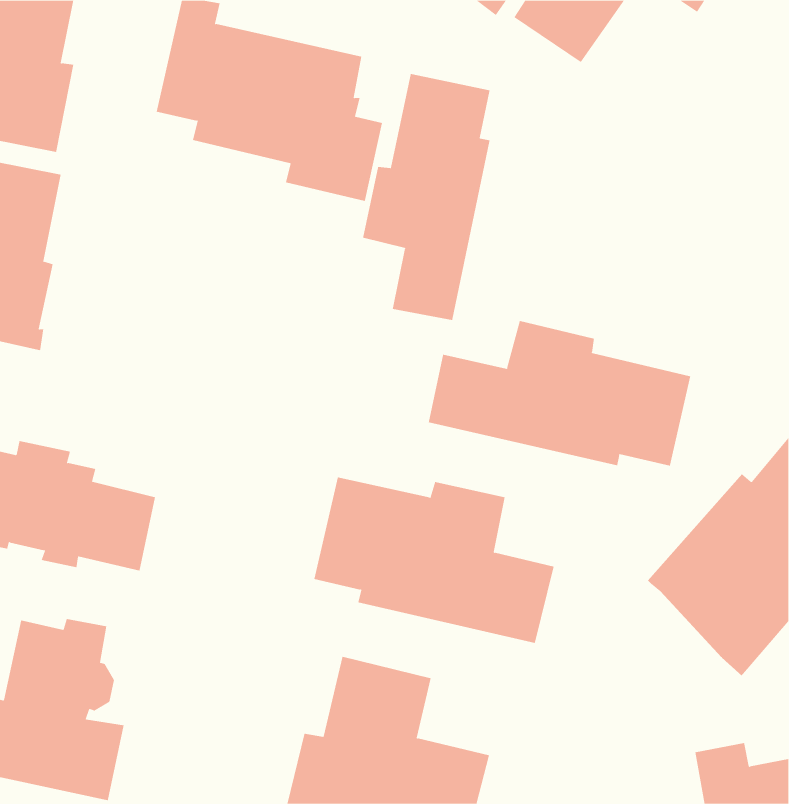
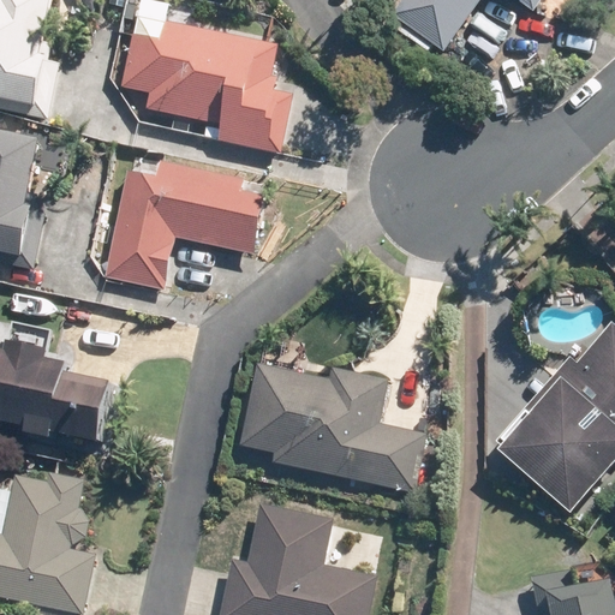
building: [362,73,490,321] -> none
building: none -> [102,159,267,286]
building: [428,320,691,466] -> none

